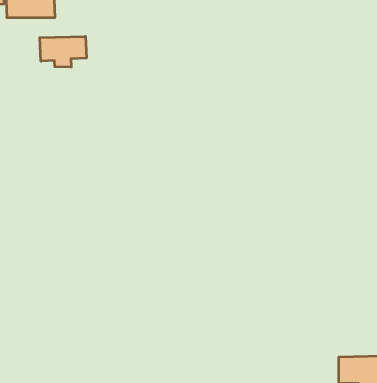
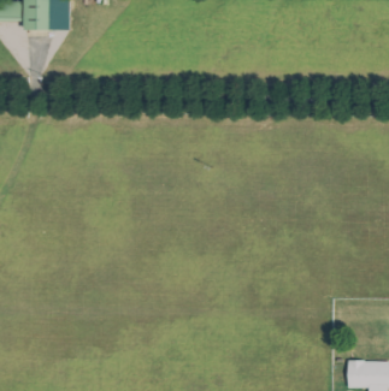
building: [40,36,86,67] -> none

